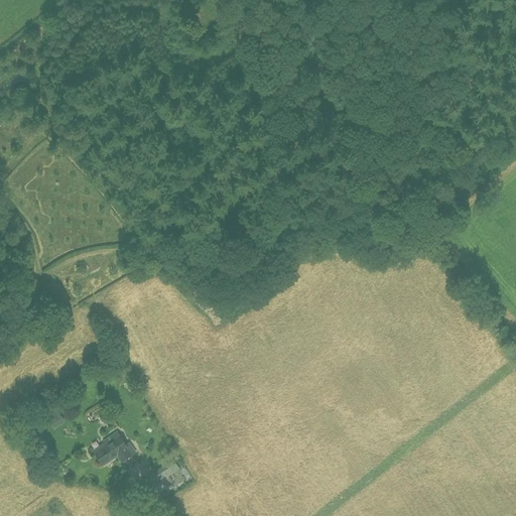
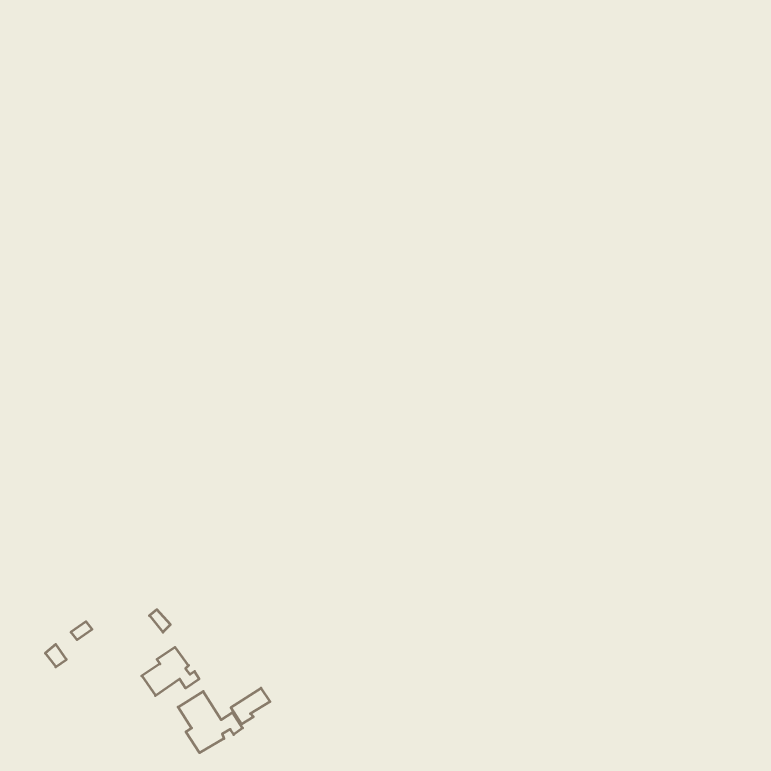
building: none -> [178,691,243,753]

